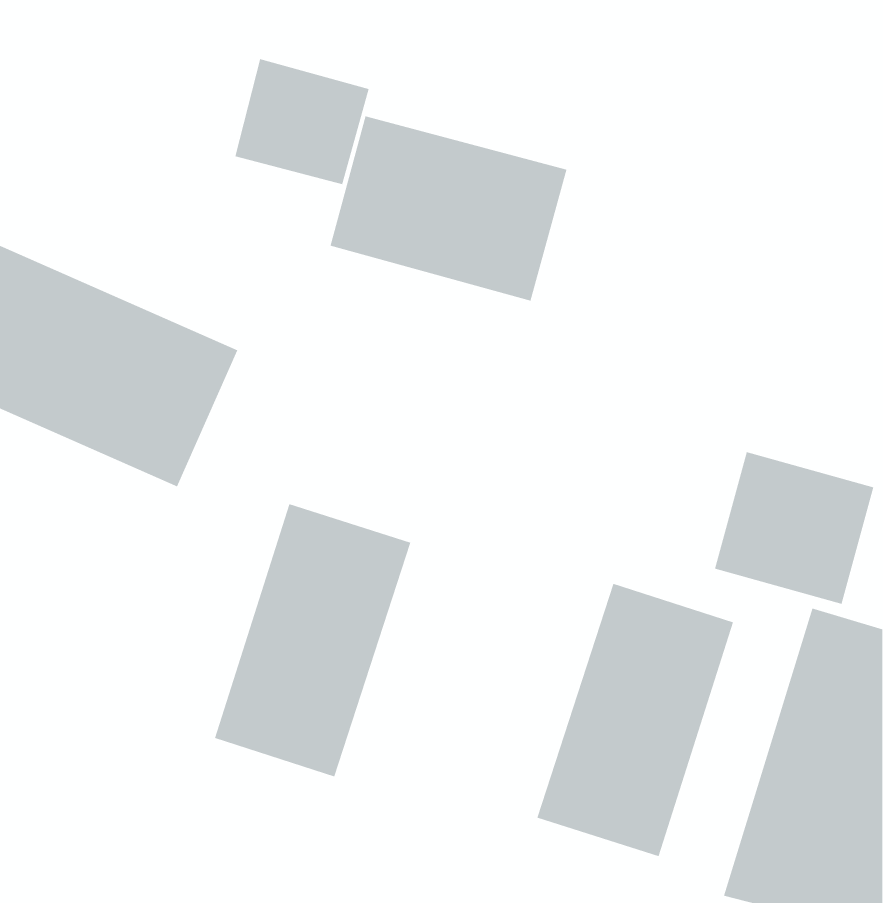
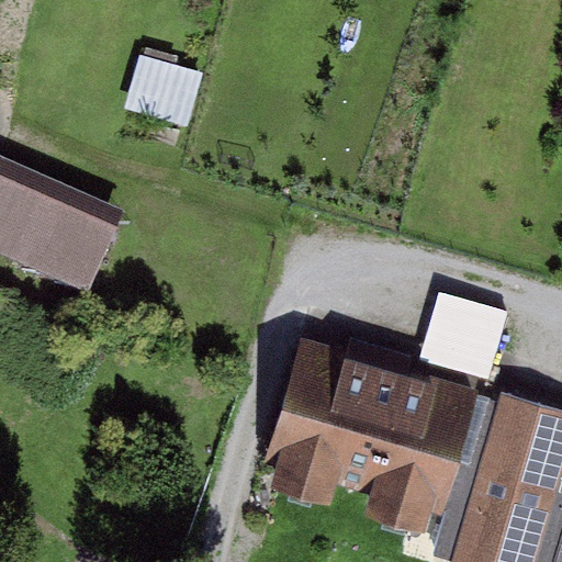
building: [330,116,567,302] -> none
building: [214,503,411,777] -> [257,339,379,508]

